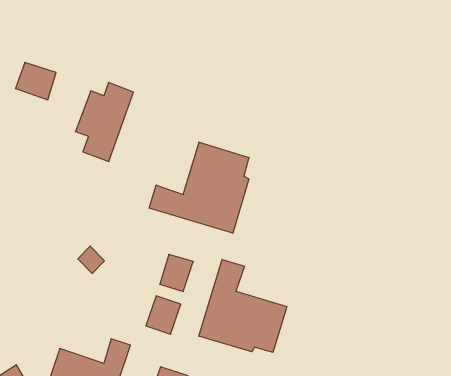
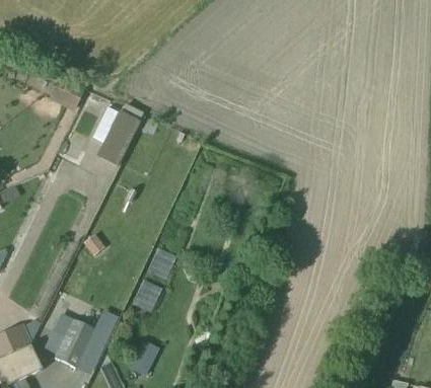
building: [149,142,249,233] -> none
building: [199,259,287,352] -> none

